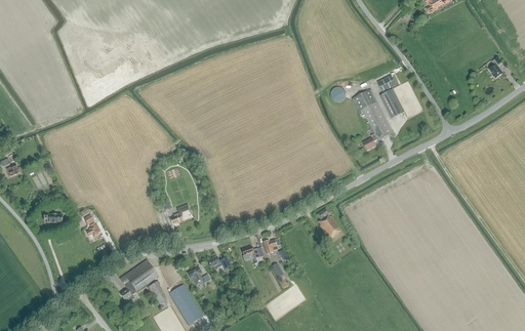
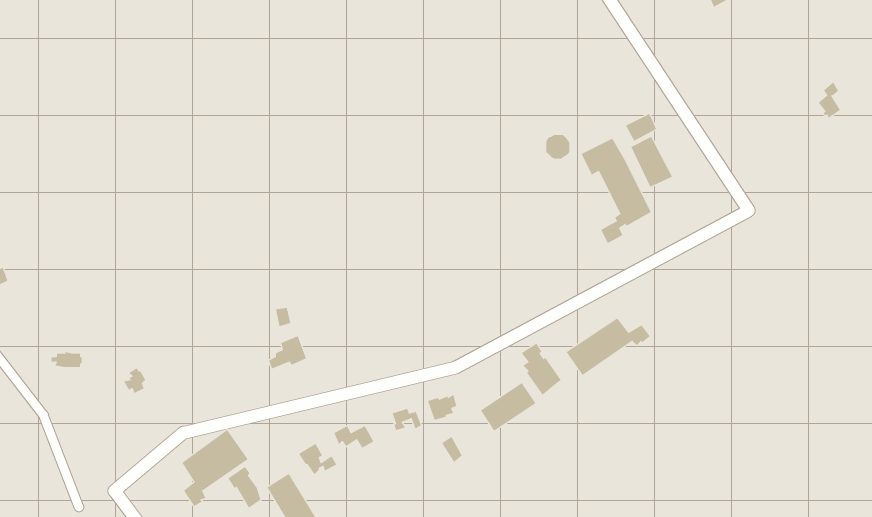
building: none -> [566,318,651,376]
building: none -> [480,382,536,431]

